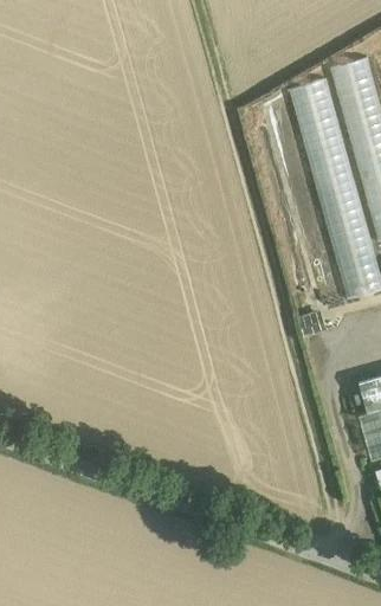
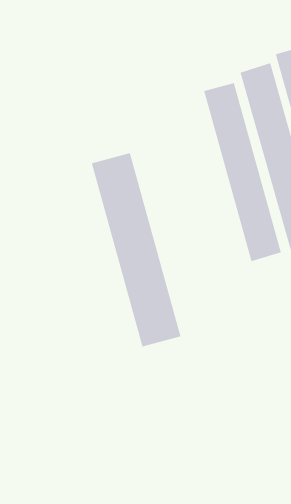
building: none -> [91,152,181,347]

